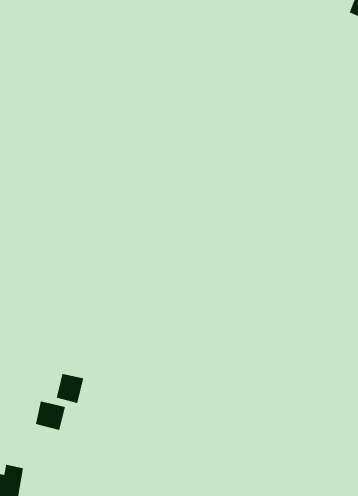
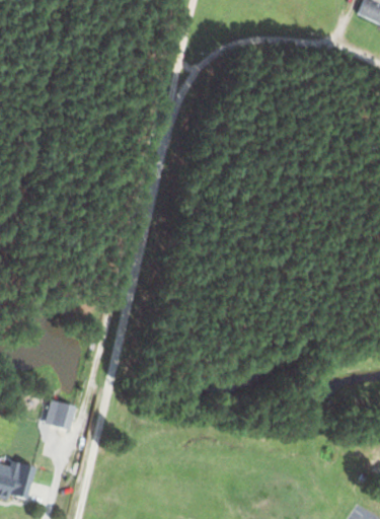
building: [56,373,84,404] -> none

